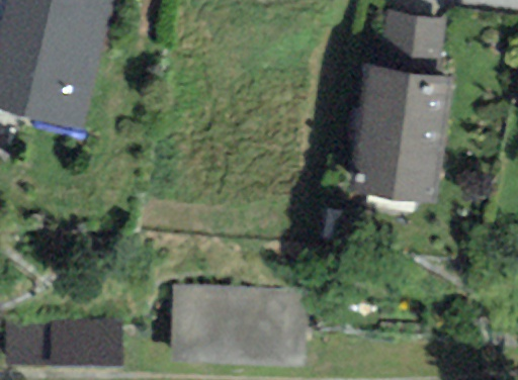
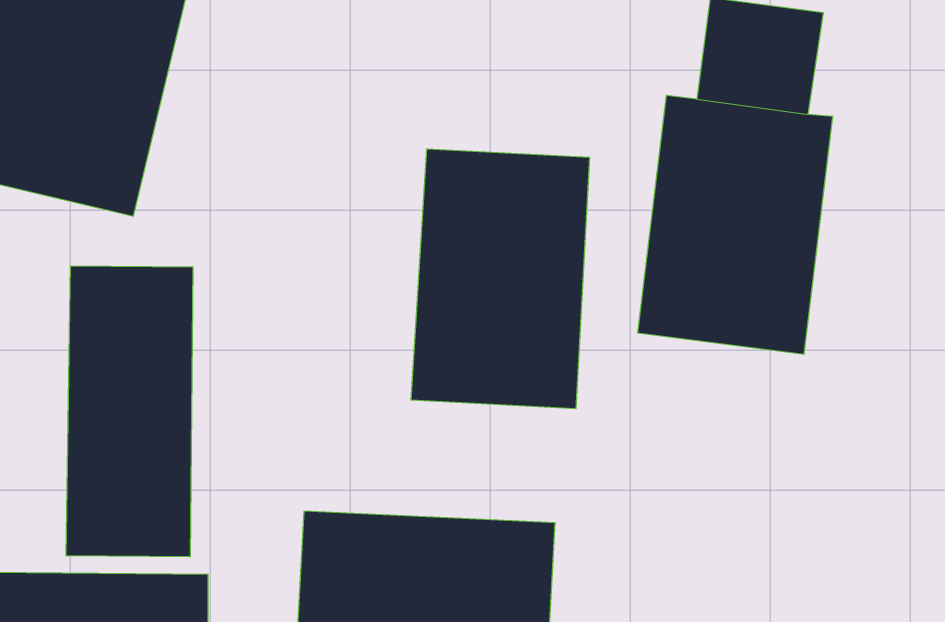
building: none -> [411,149,589,409]
building: none -> [66,266,193,557]

